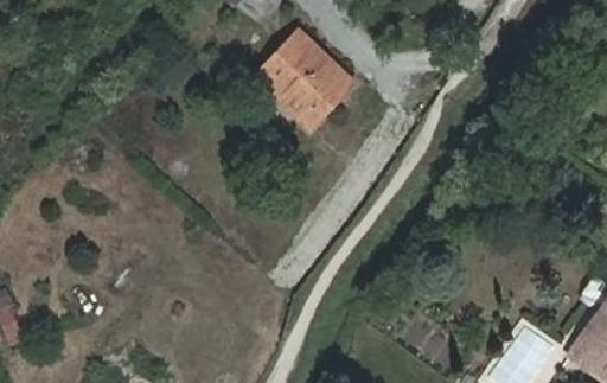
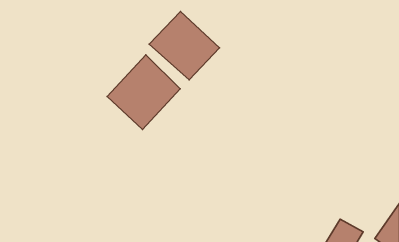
building: none -> [107,55,180,130]

